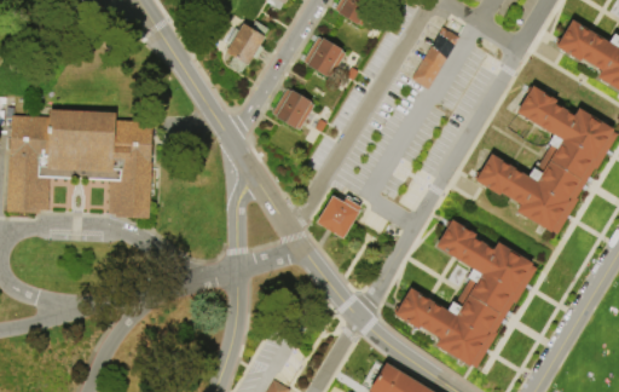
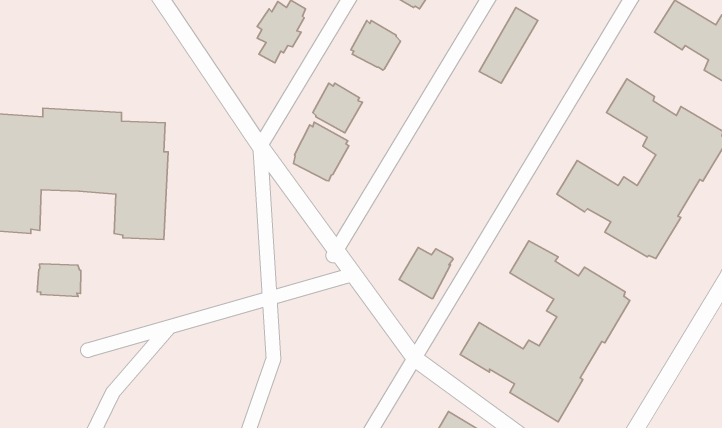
building: none -> [294,122,349,181]
building: [316,196,360,238] -> [399,247,453,298]
building: none -> [37,264,81,297]

